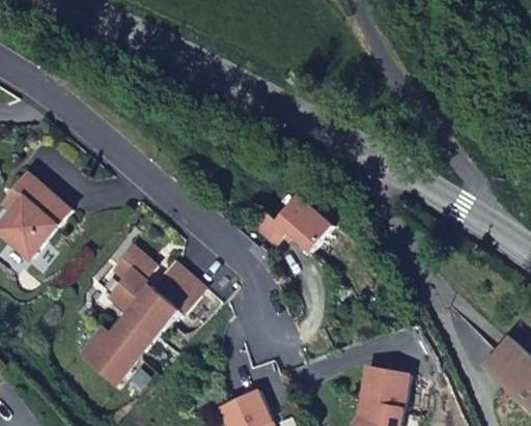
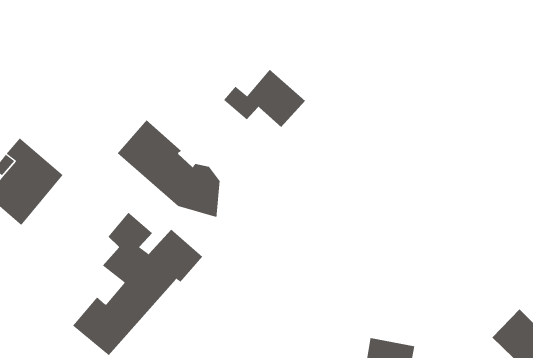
building: none -> [117,119,220,218]
building: [254,195,334,252] -> [223,69,306,128]

